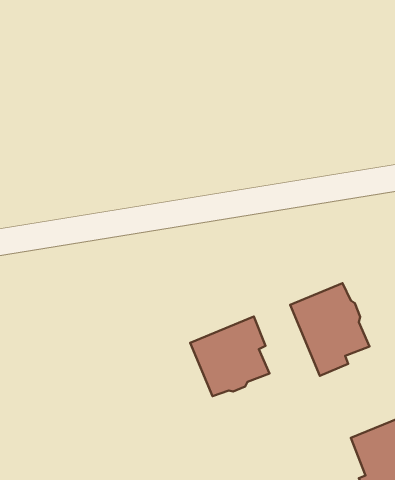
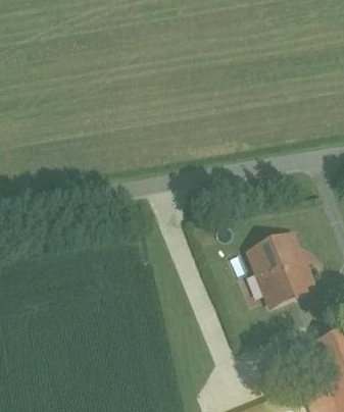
building: [190,317,269,396] -> none

